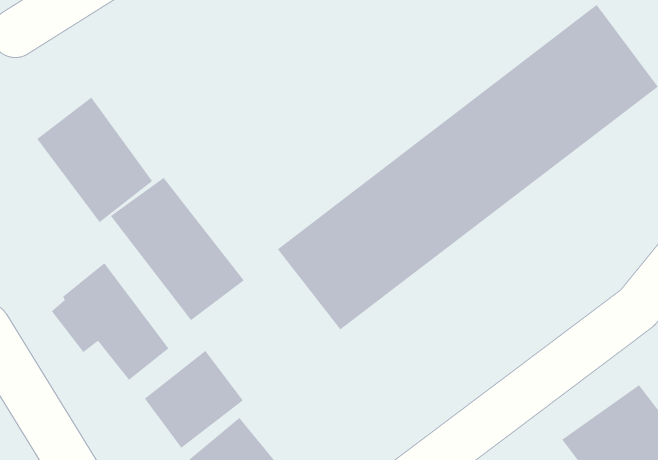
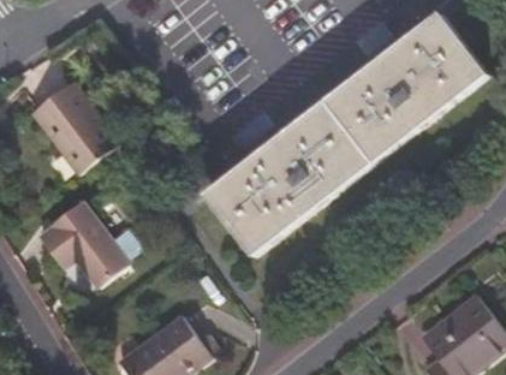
building: [110,177,245,321] -> none
building: [144,350,244,449] -> none

